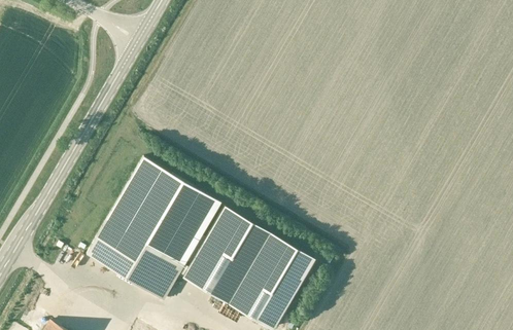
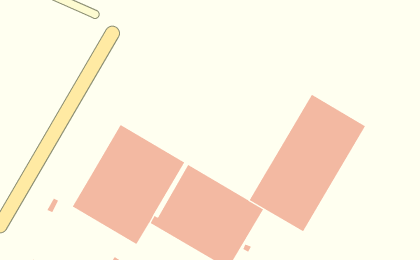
building: none -> [249,94,366,232]

